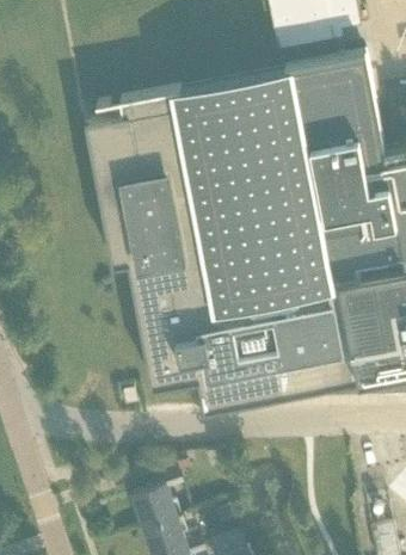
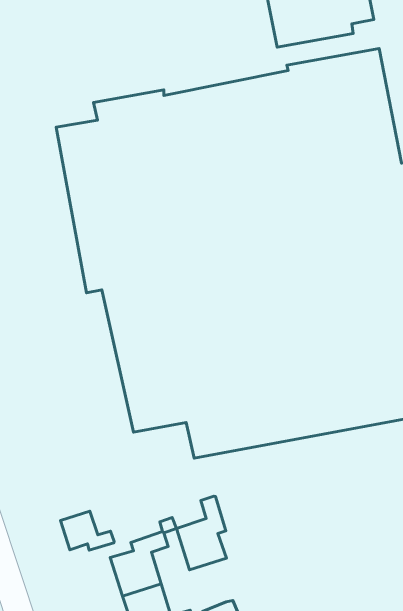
building: none -> [176,496,226,570]
building: none -> [60,511,114,550]

